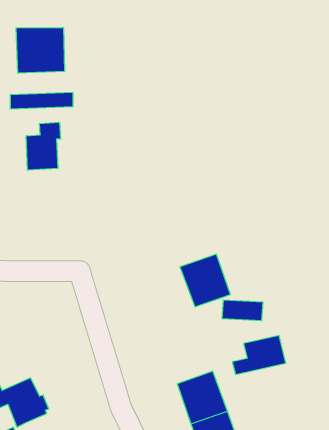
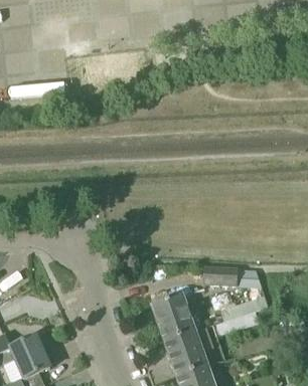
building: [16,27,65,73] -> none
building: [26,122,60,170] -> none
building: [180,254,230,307] -> [151,294,195,340]

